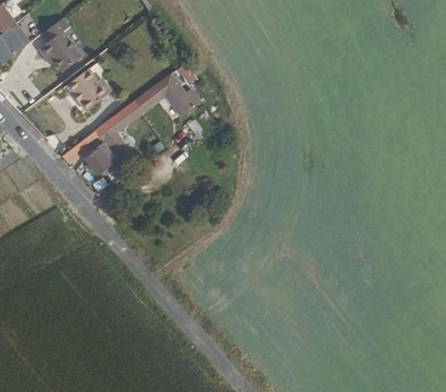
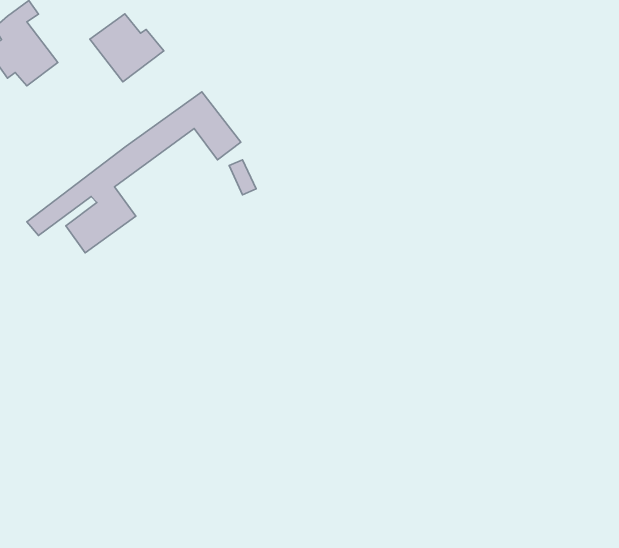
building: [64,68,110,110] -> [90,14,164,82]

